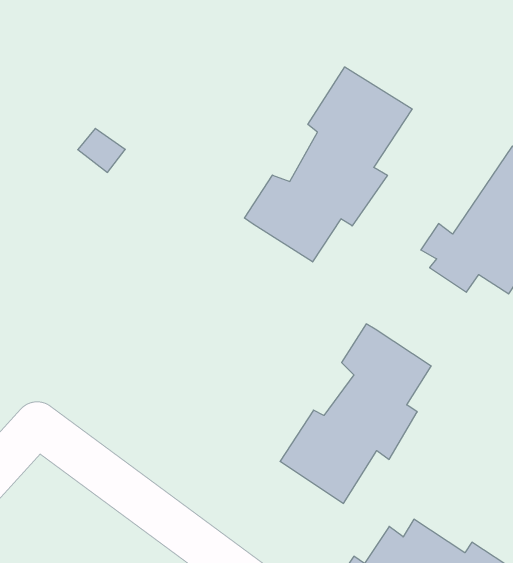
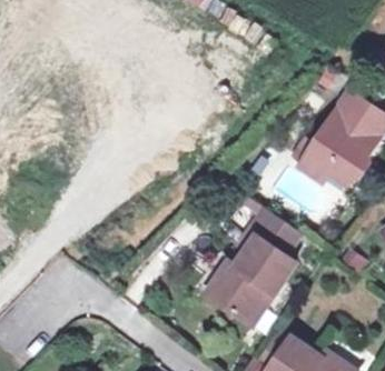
building: [244,67,412,262] -> none

